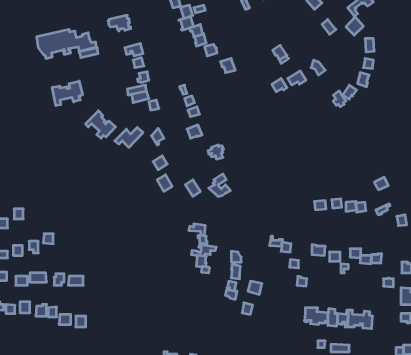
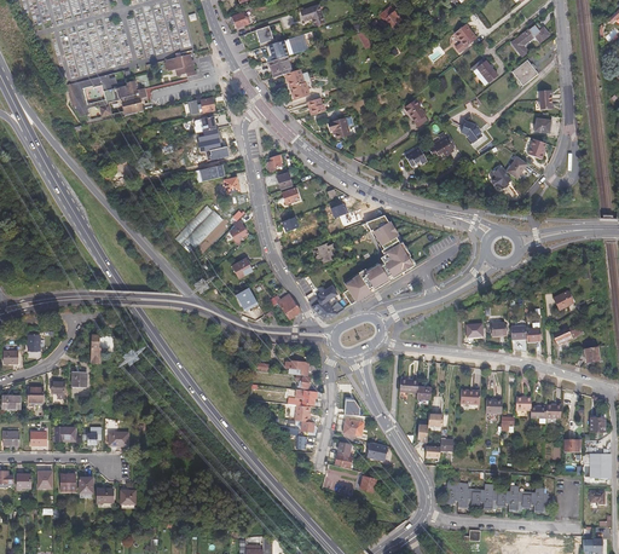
building: [52,81,82,106] -> none
building: [86,111,116,138] -> none
building: none -> [343,215,415,304]

